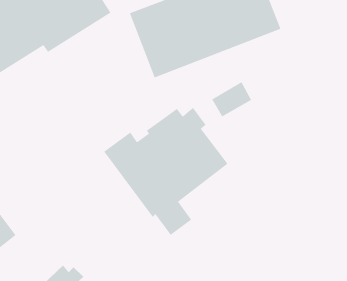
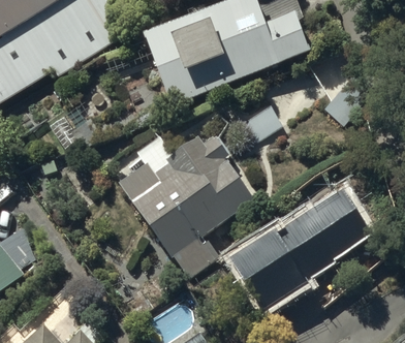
building: none -> [231,185,375,305]

